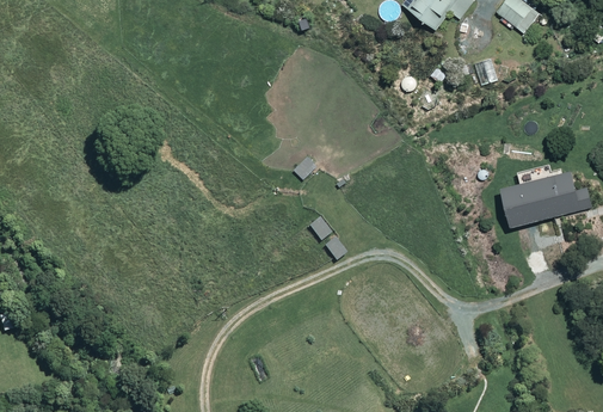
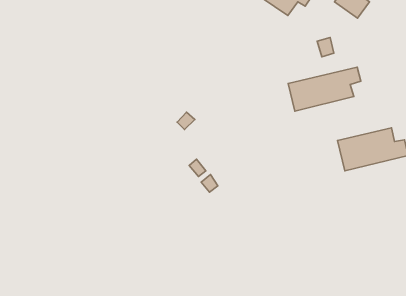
building: none -> [288,67,361,111]

